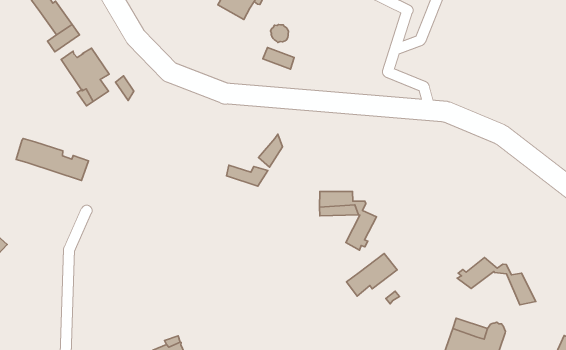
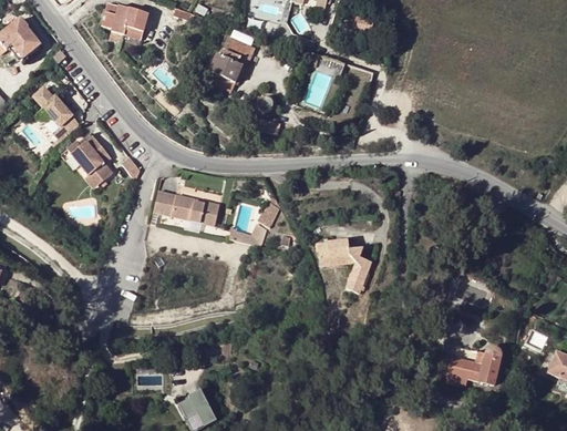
building: [16,138,88,181] -> [152,189,218,223]
building: [347,254,397,296] -> none
building: [457,257,536,305] -> none

